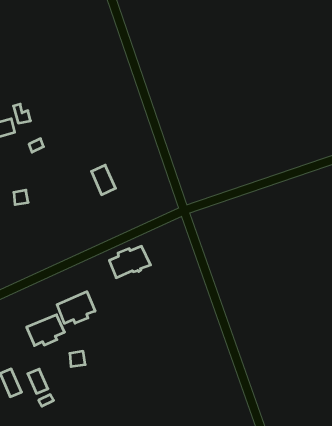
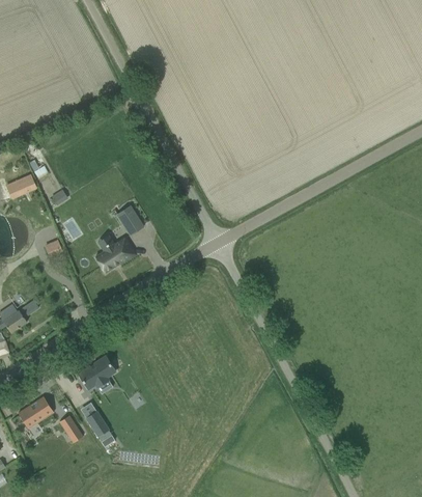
building: [109,246,151,278] -> [95,238,136,272]
building: [57,292,95,323] -> none

